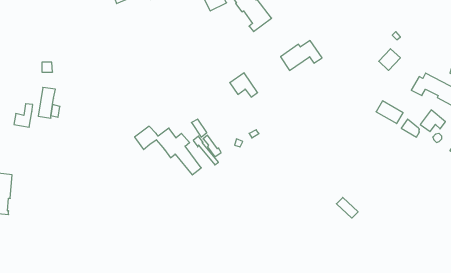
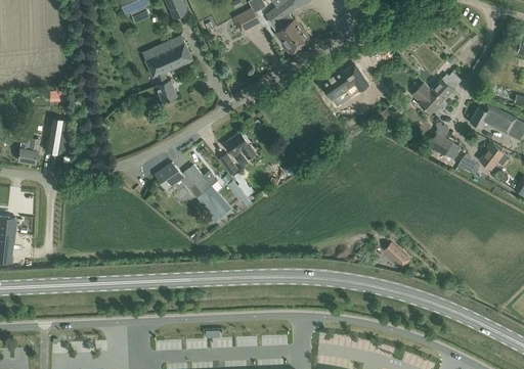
building: none -> [142,38,191,104]
building: none -> [410,84,443,116]
building: [230,73,258,97] -> [223,134,255,162]

